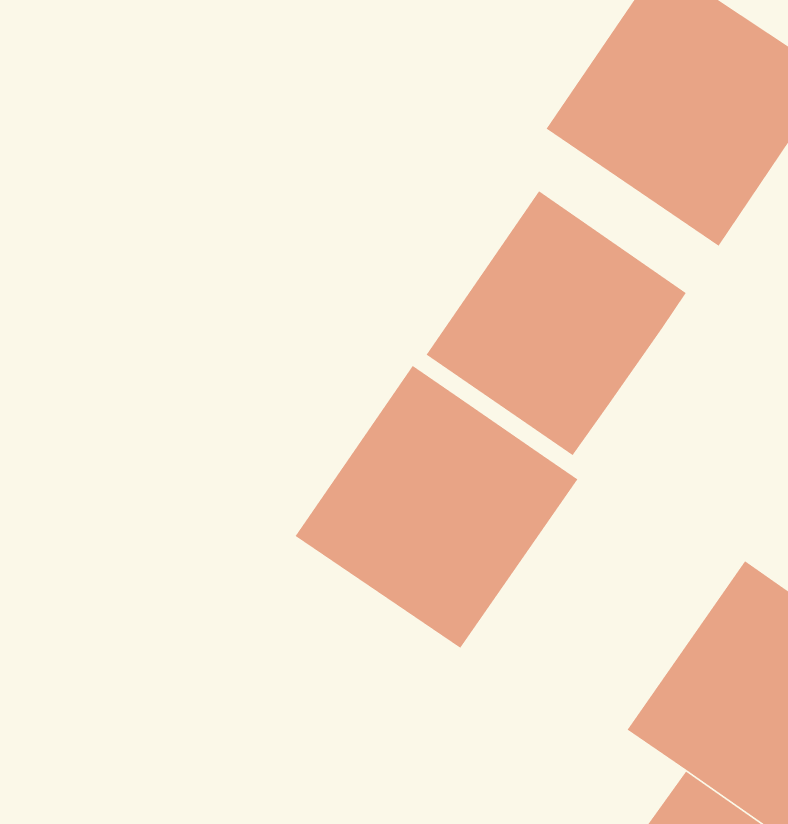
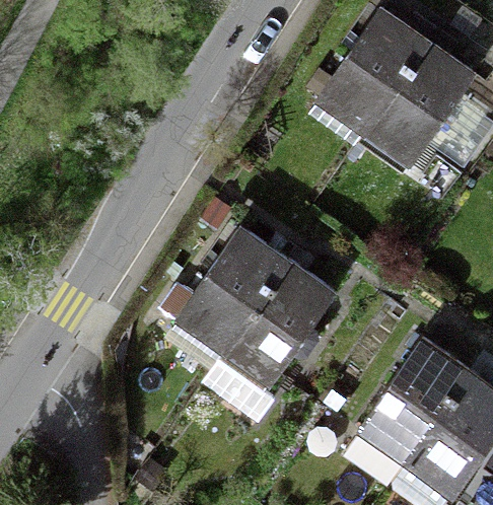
building: [425,190,687,456] -> none

